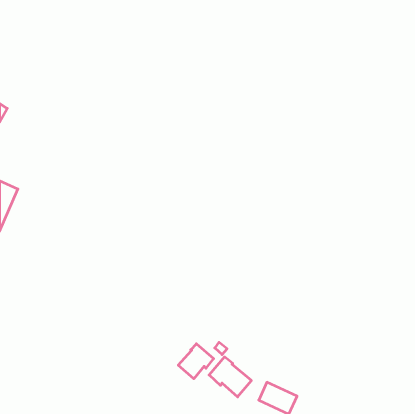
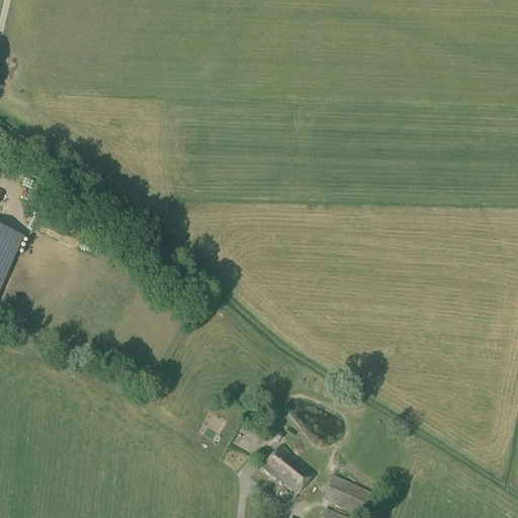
building: [178,344,214,379] -> none

